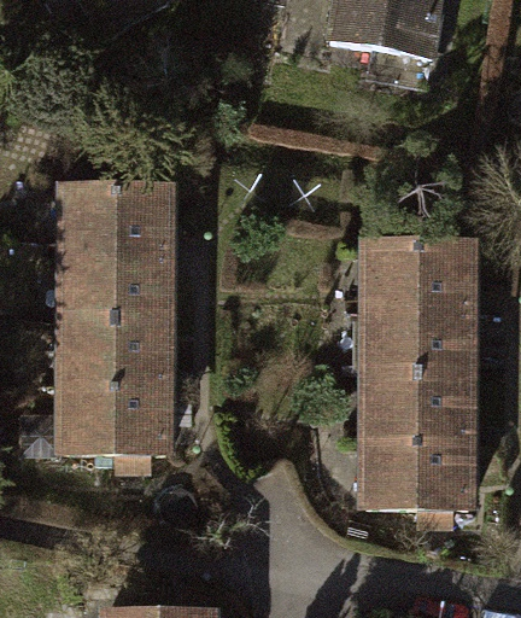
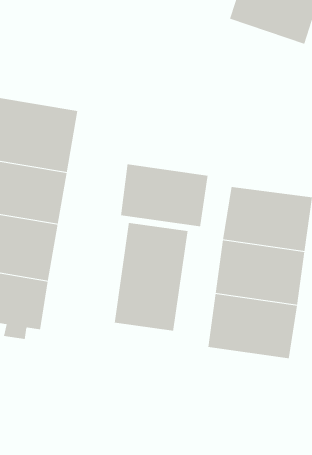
building: none -> [120,164,208,227]
building: none -> [114,222,188,331]
building: [368,439,470,519] -> none

